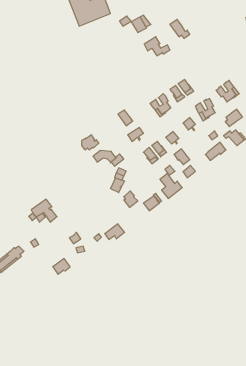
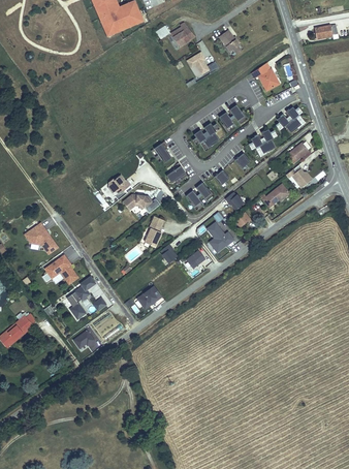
building: none -> [251,61,281,91]
building: none -> [30,222,58,253]
building: none -> [66,274,97,319]

